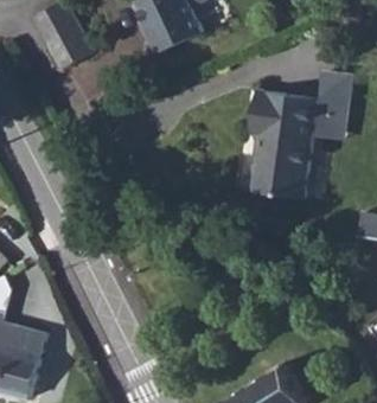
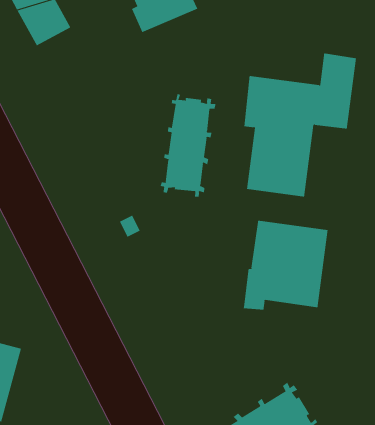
building: none -> [160,93,216,198]
building: none -> [243,220,328,311]

